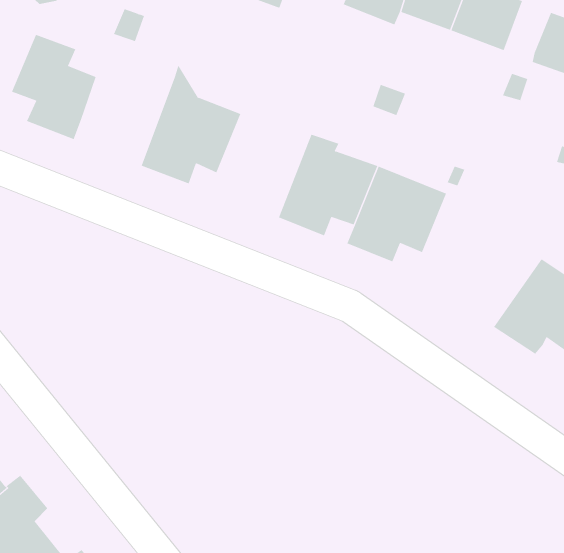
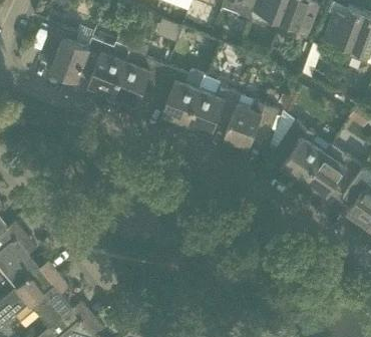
building: none -> [80,37,130,94]
building: none -> [153,66,206,122]
building: none -> [277,121,329,182]

